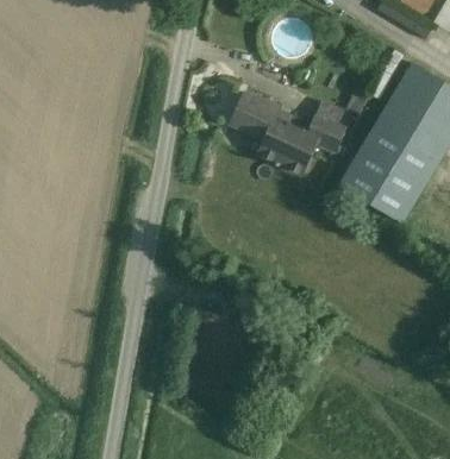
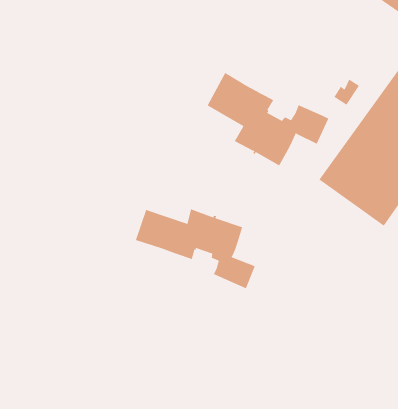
building: none -> [135,209,256,289]

